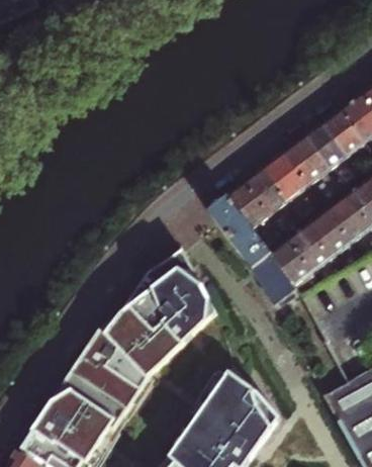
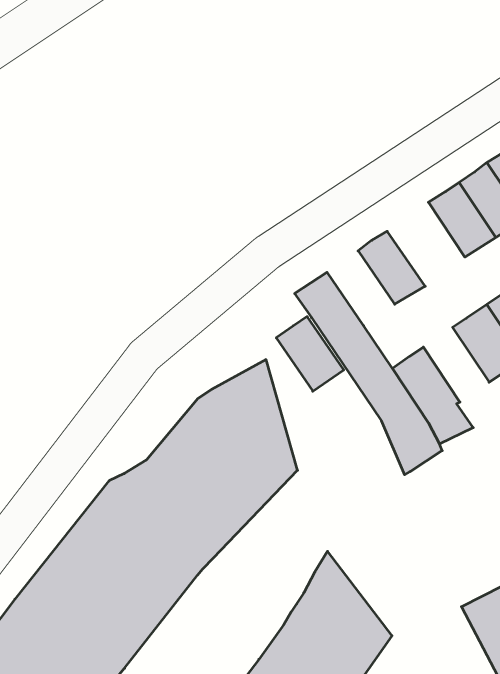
building: [262,150,310,201] -> none
building: [226,182,269,227] -> [276,317,344,391]
building: [288,225,330,271] -> none

